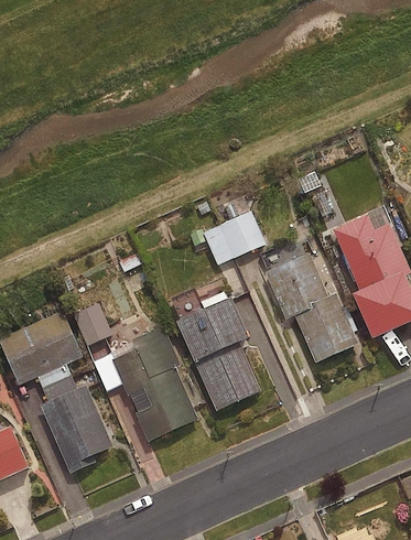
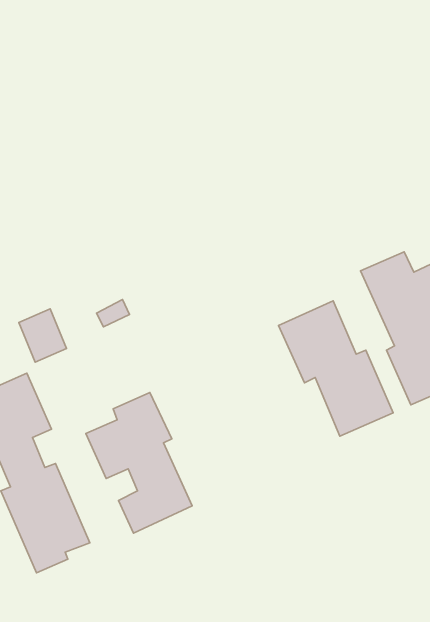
building: [203,214,263,267] -> none
building: [176,296,261,410] -> none
building: [73,305,111,348] -> [19,309,67,362]

